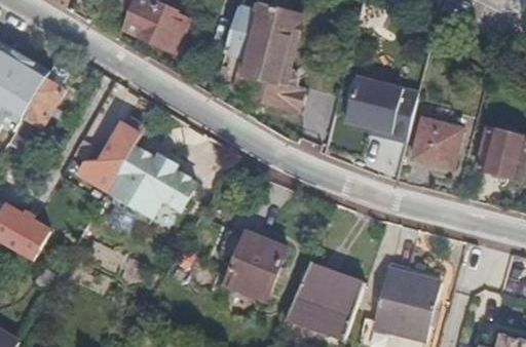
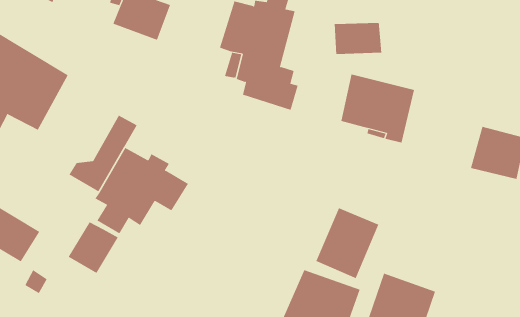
building: none -> [334,22,382,55]
building: [412,117,460,167] -> none
building: none -> [68,222,118,274]
building: [224,231,287,301] -> [315,208,379,279]

